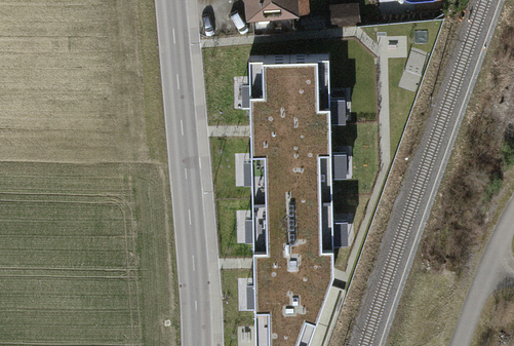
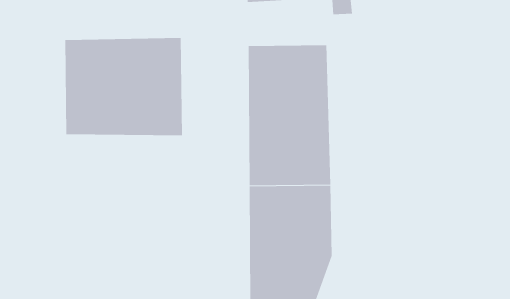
building: none -> [65,37,182,136]

